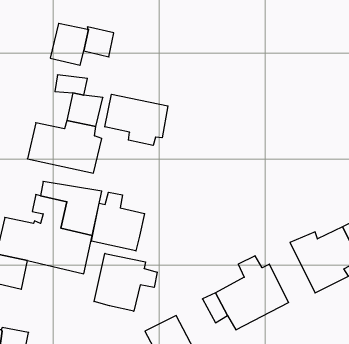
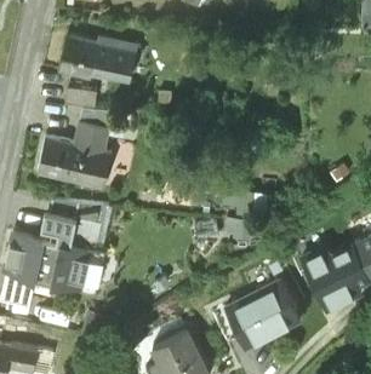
building: [105,94,168,145] -> none
building: [91,192,145,251] -> none
building: [94,253,157,311] -> none

